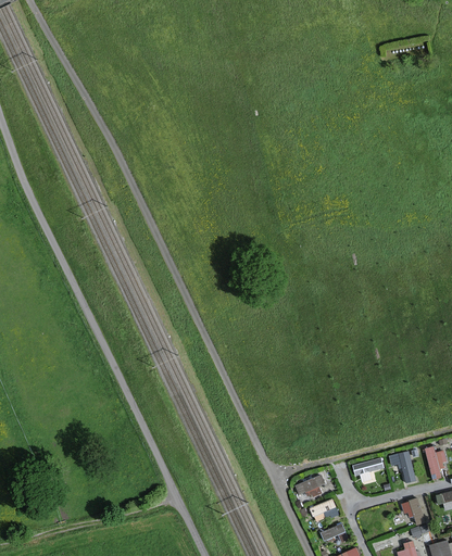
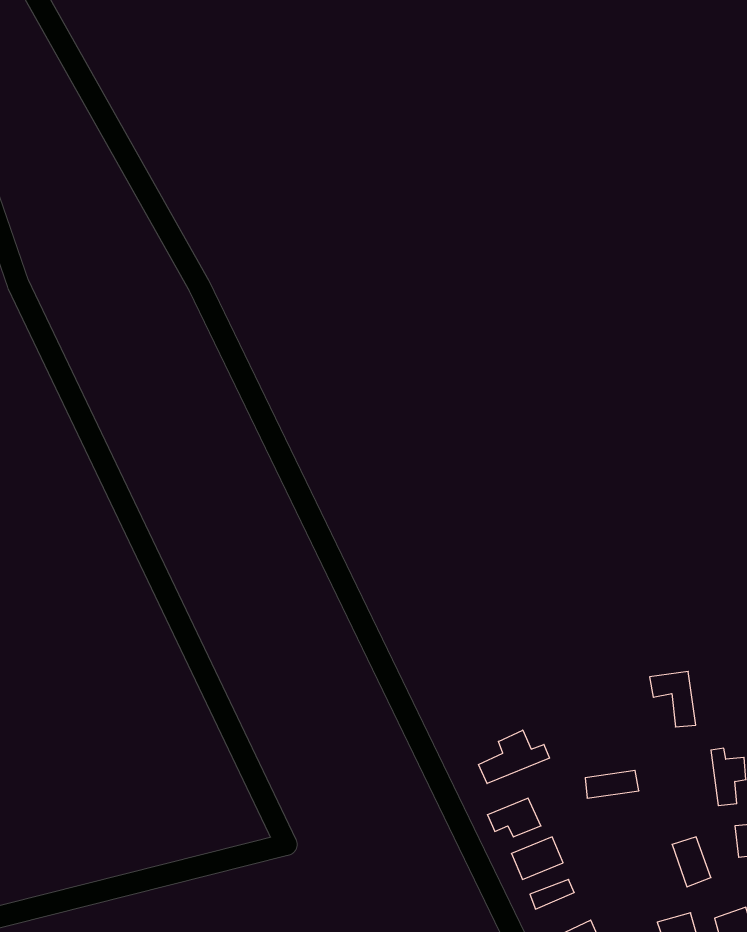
building: none -> [478,730,549,784]
building: [389,452,416,484] -> [650,671,696,727]

